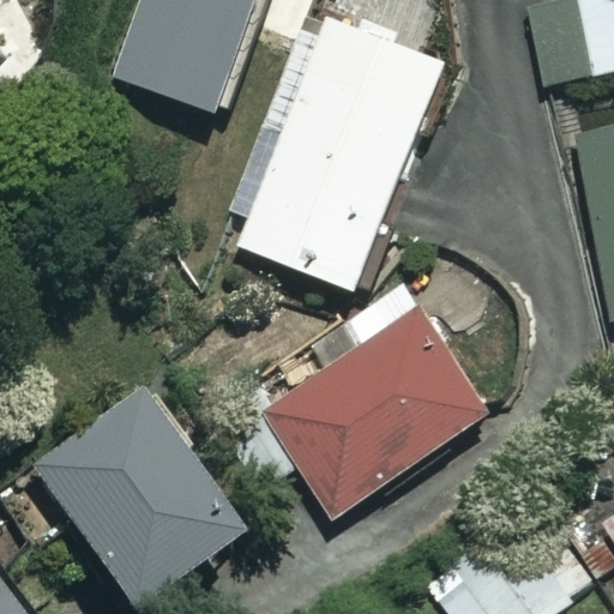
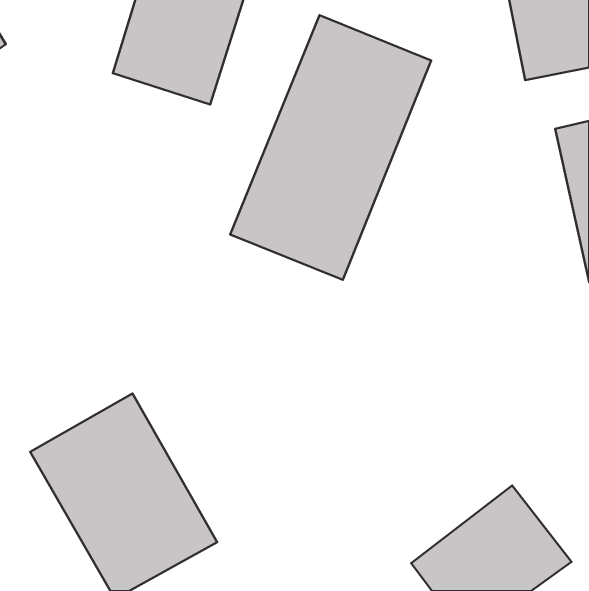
building: [227,306,488,516] -> none

